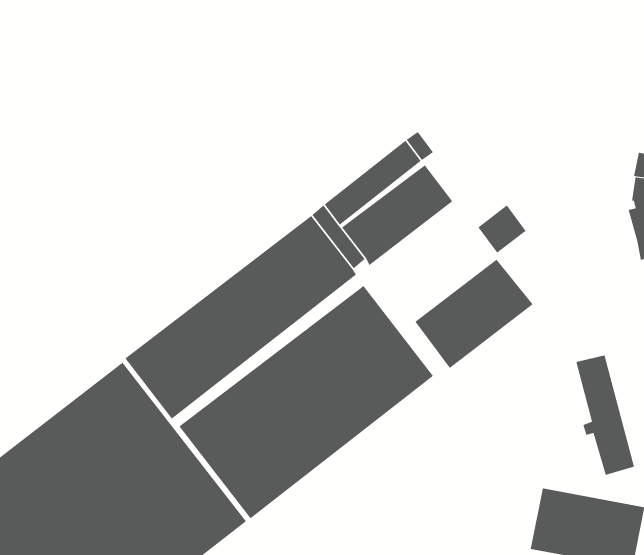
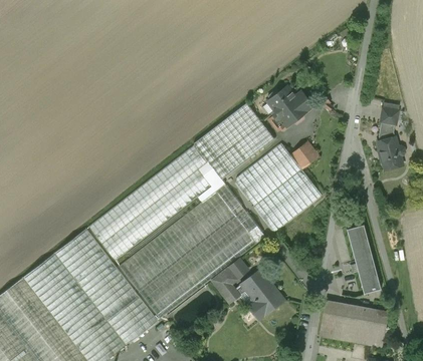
building: none -> [267,87,311,126]
building: none -> [235,143,300,206]
building: none -> [211,259,283,320]

